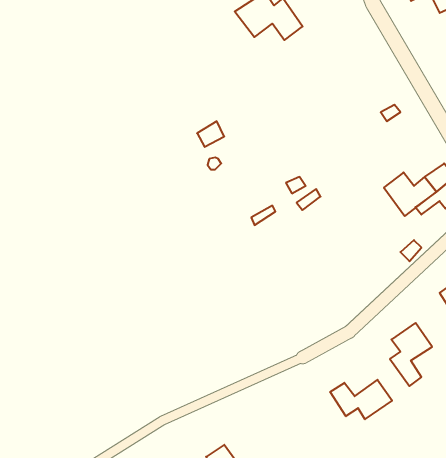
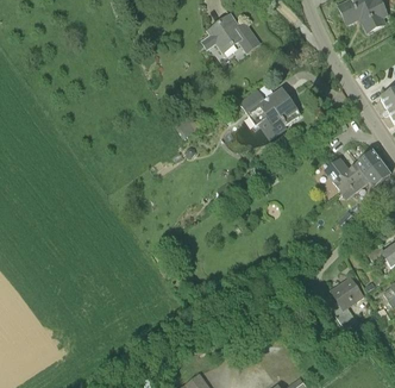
building: none -> [239,89,300,124]
building: [330,380,392,419] -> none

